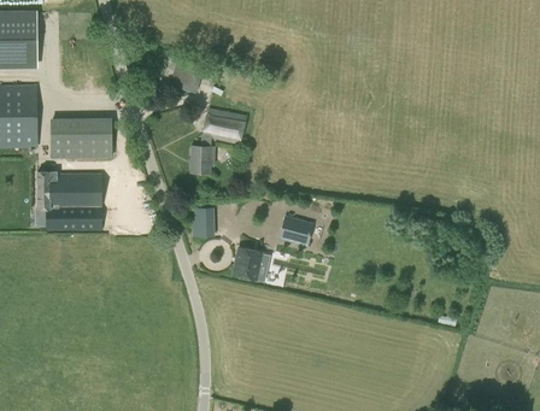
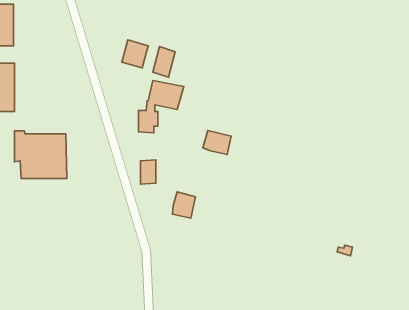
building: none -> [153,47,175,77]
building: [51,121,111,158] -> none
building: [280,216,315,246] -> [203,130,231,155]

